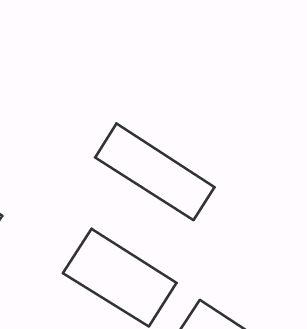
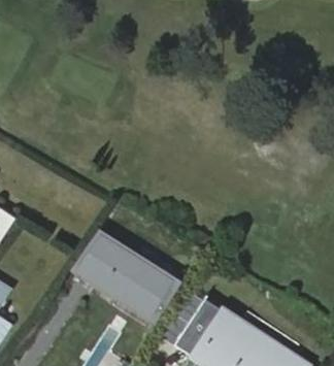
building: [95,123,215,220] -> none

